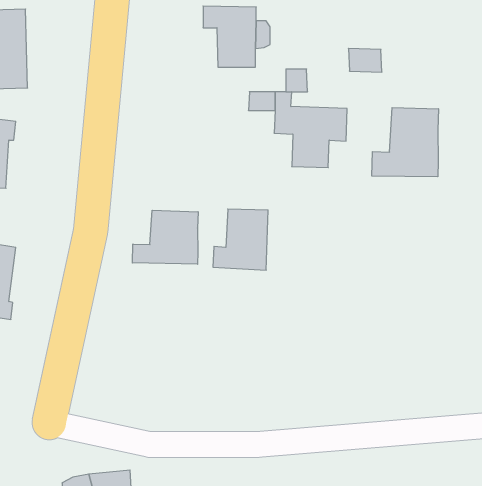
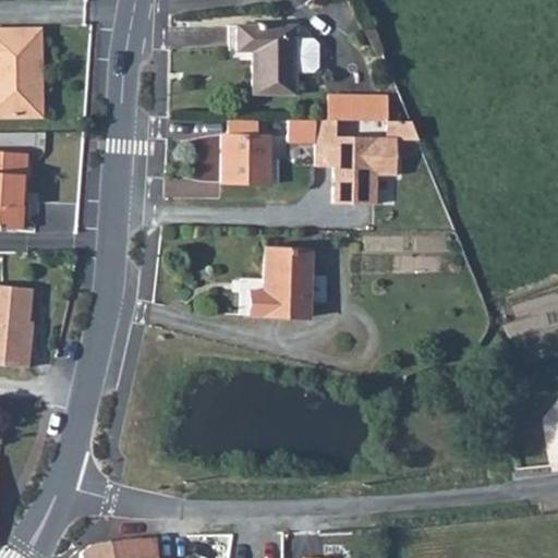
building: [348,48,382,72] -> [352,95,389,121]
building: none -> [223,119,270,183]
building: [372,108,438,177] -> none
building: [132,210,198,264] -> none

